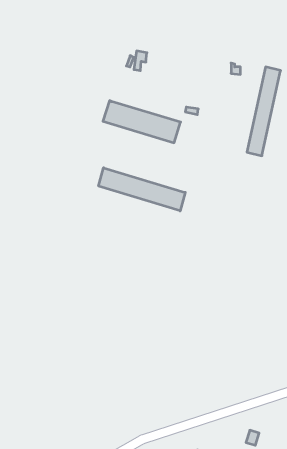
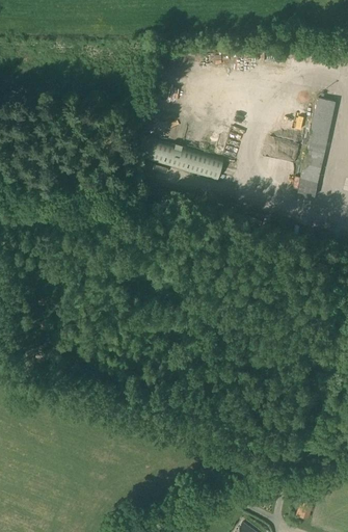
building: [99,168,185,211] -> none

